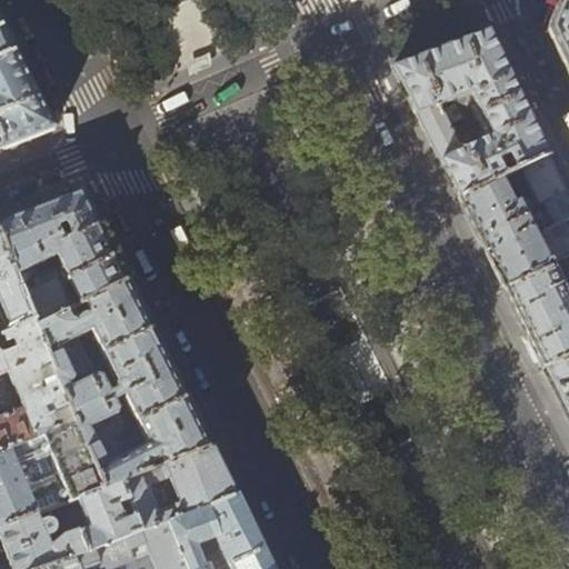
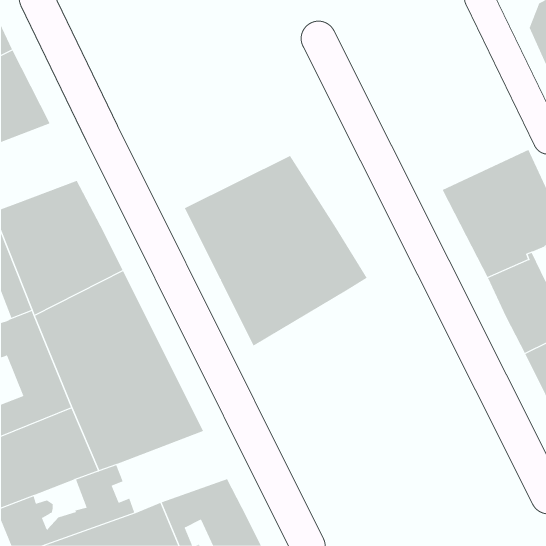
building: [395,30,550,197] -> none
building: none -> [184,155,368,346]
building: [123,447,238,531] -> none

